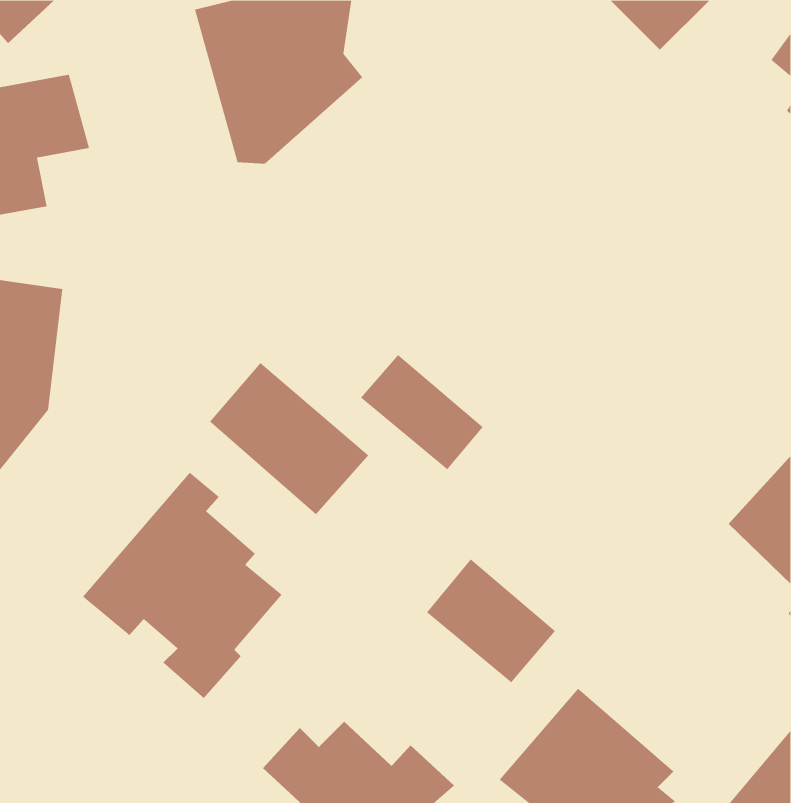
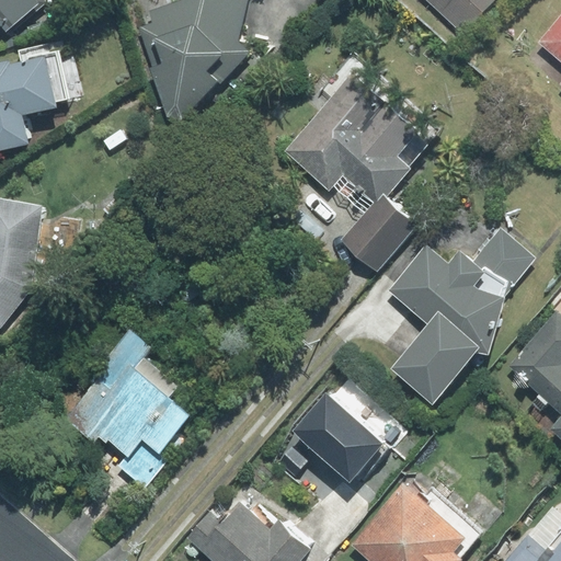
building: none -> [286,71,436,267]
building: none -> [388,226,535,402]
building: [360,354,484,470] -> none
building: [209,362,369,515] -> none

